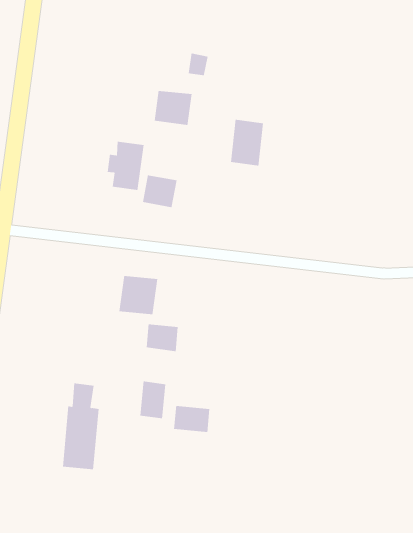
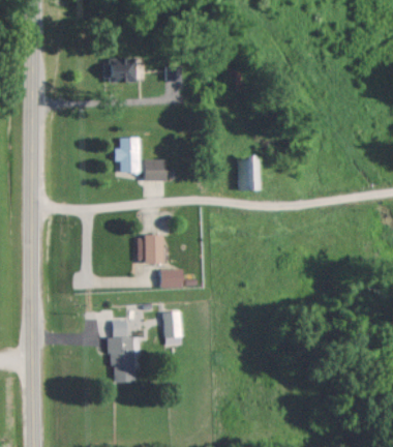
building: [154,90,193,125] -> [111,58,137,82]
building: [230,119,264,166] -> [237,157,260,189]
building: [173,405,210,433] -> none

